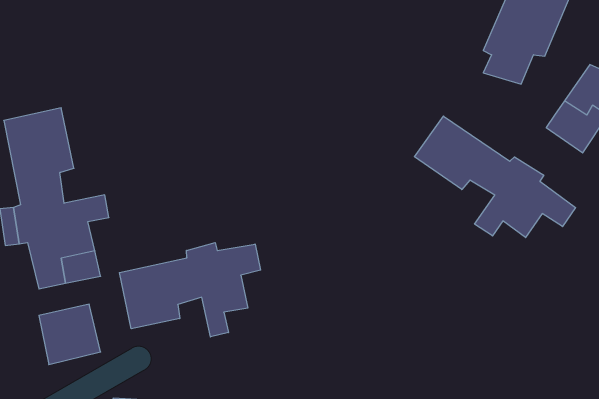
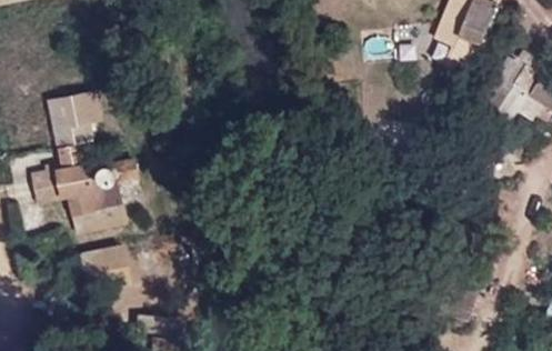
building: [414,116,576,238] -> none
building: [119,243,261,337] -> none

